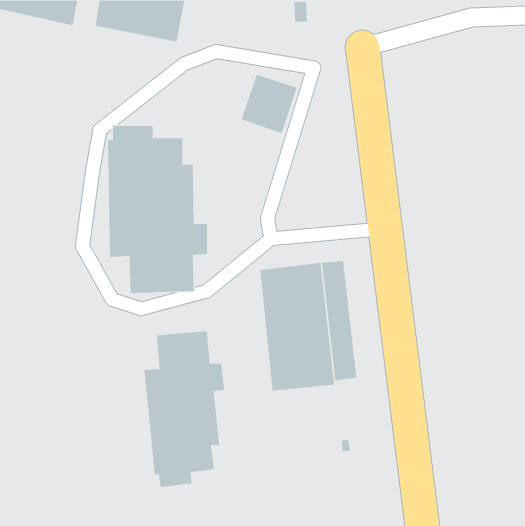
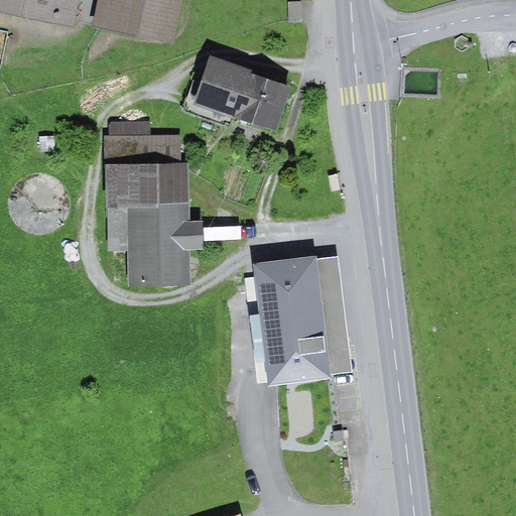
building: none -> [180,54,253,128]
building: [144,331,225,488] -> none

